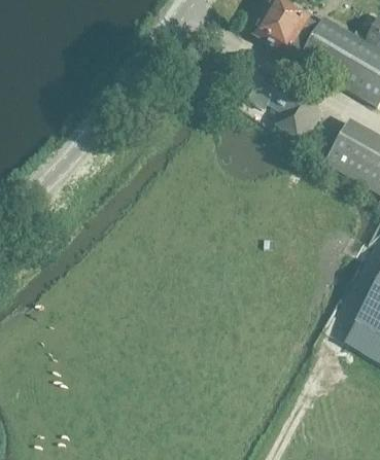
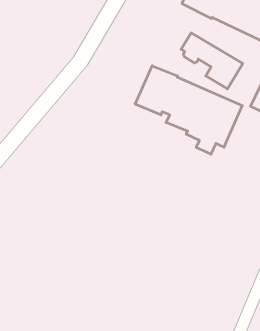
building: none -> [135,66,242,154]

